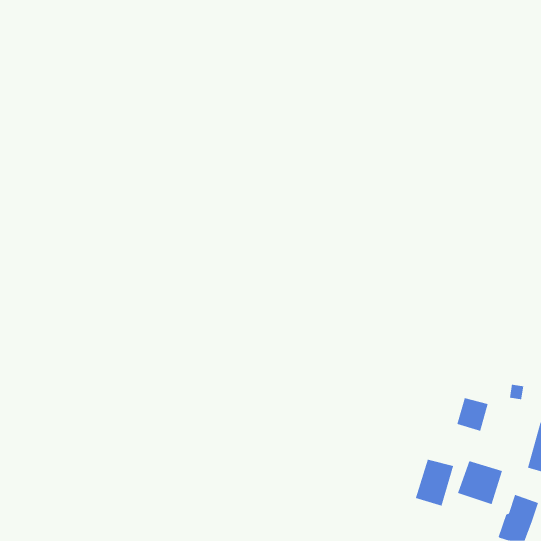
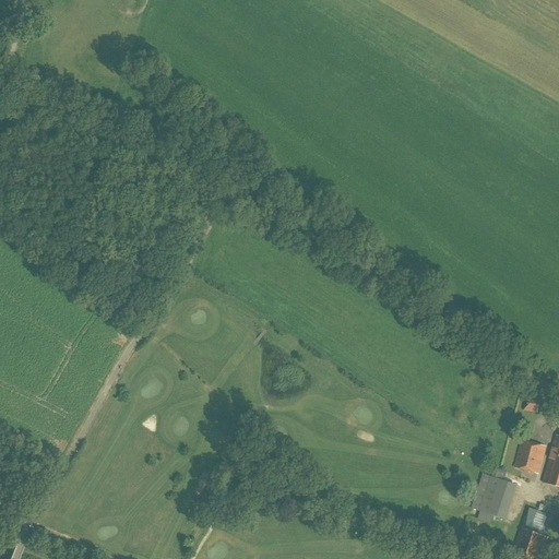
building: [457,398,488,431] -> [514,439,547,474]
building: [415,459,454,507] -> none

